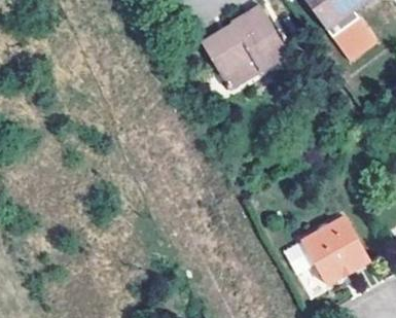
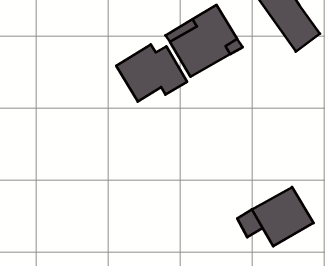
building: none -> [116,44,187,102]

